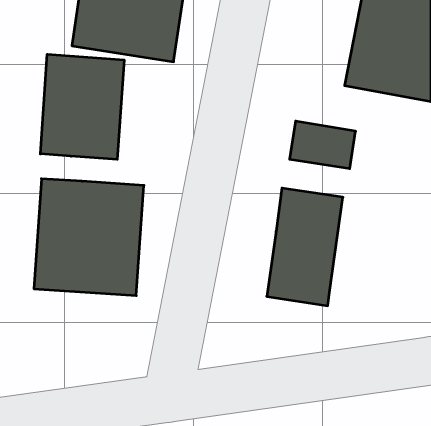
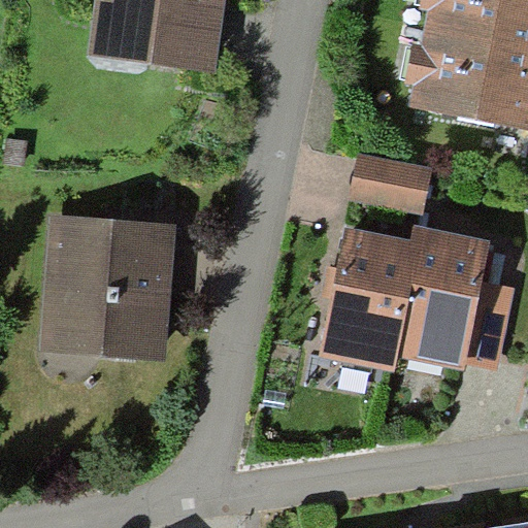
building: [40,54,124,159] -> none
building: none -> [401,227,487,366]

